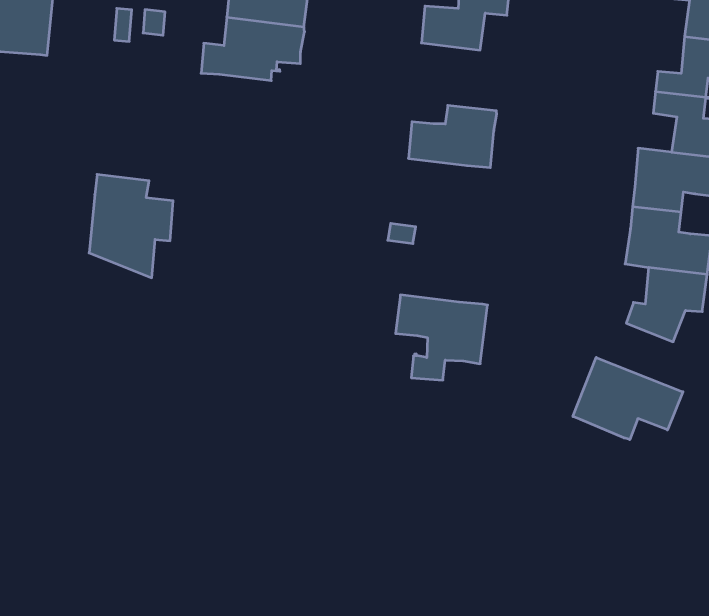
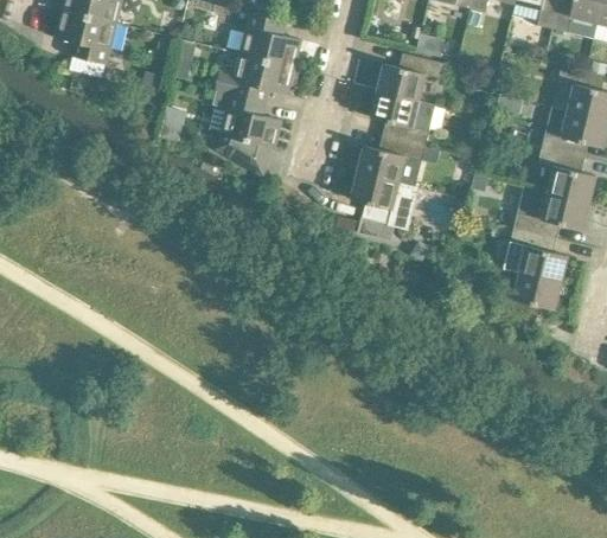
building: none -> [370,90,435,146]
building: [89,174,173,278] -> [216,94,281,173]
building: [396,295,488,380] -> [350,172,418,237]
building: [573,357,683,440] -> none

